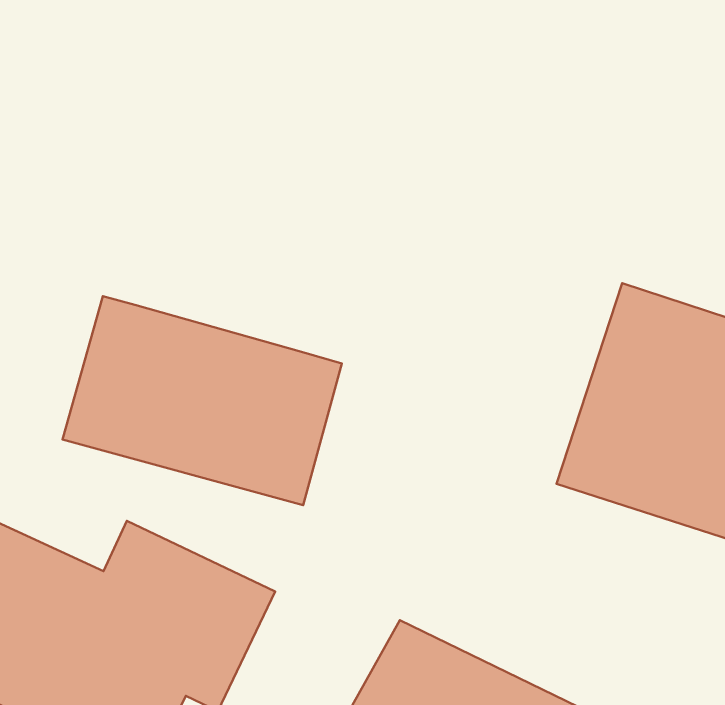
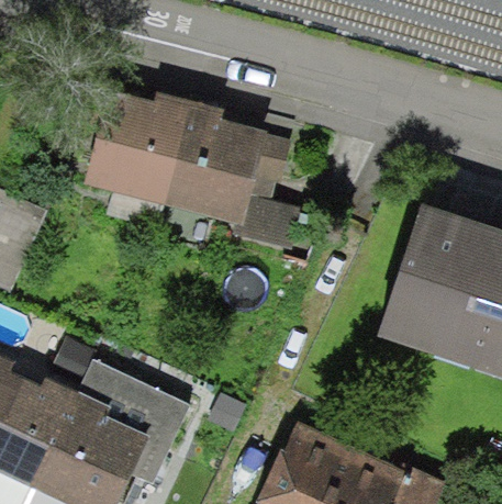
building: [62,296,342,505] -> [90,90,272,226]

